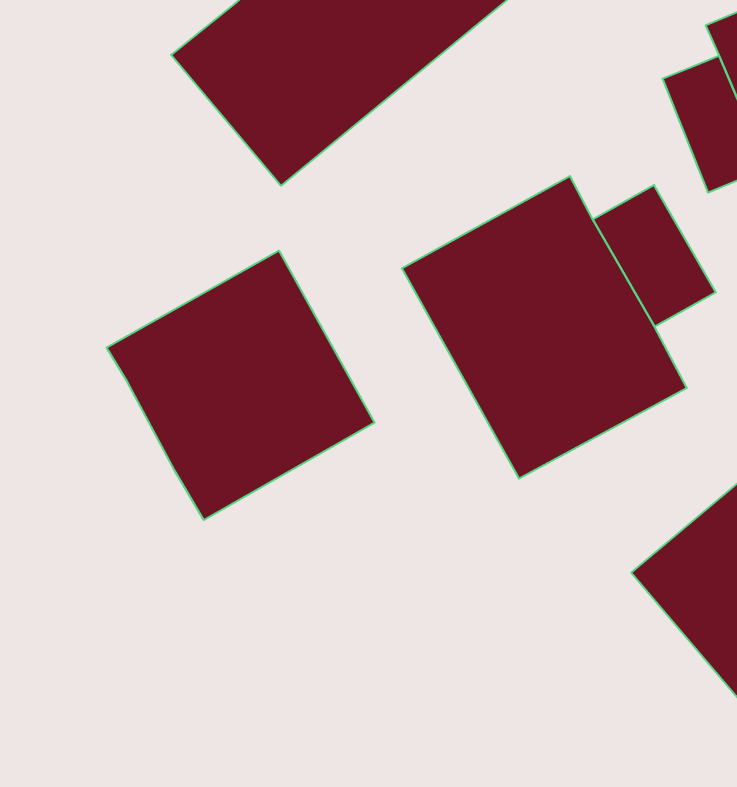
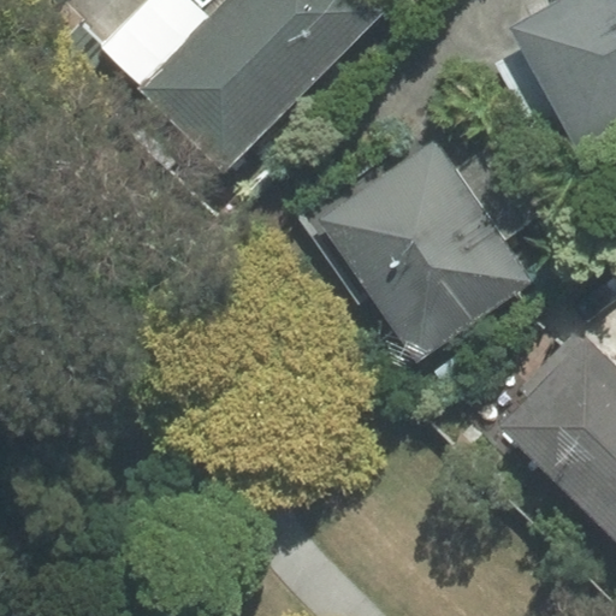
building: [107,251,375,520] -> none

